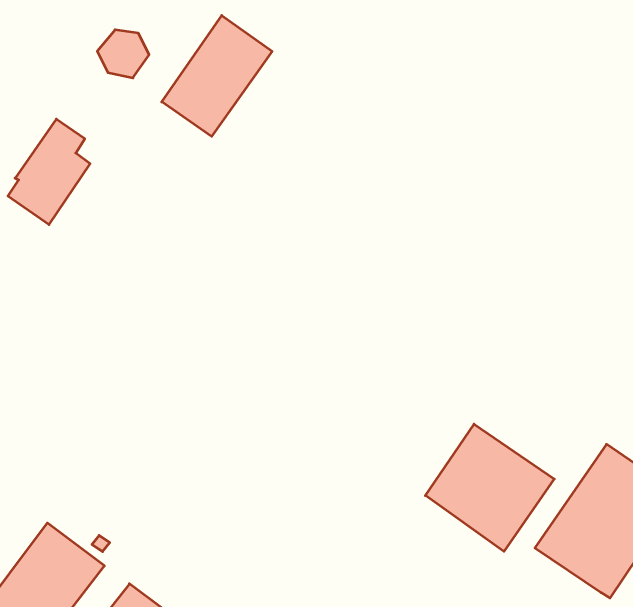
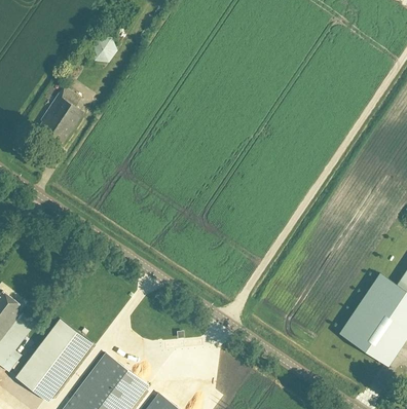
building: [162,15,272,136] -> none
building: [425,424,554,551] -> none

